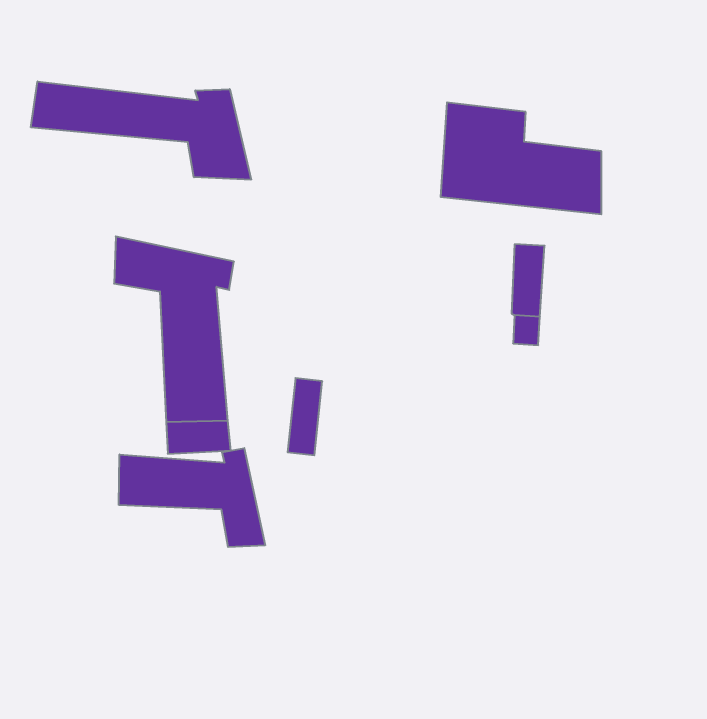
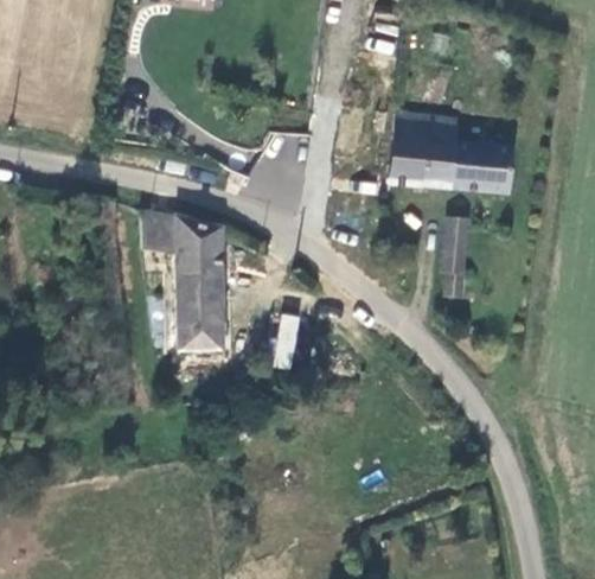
building: [31,81,251,180] -> none
building: [119,448,265,547] -> none

